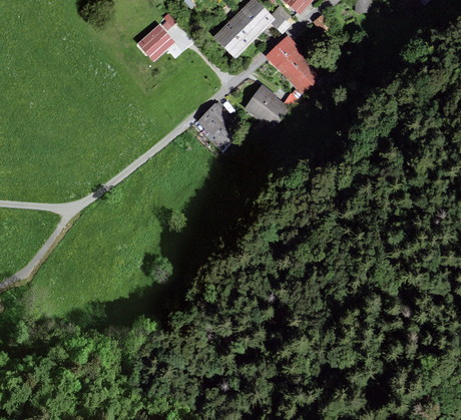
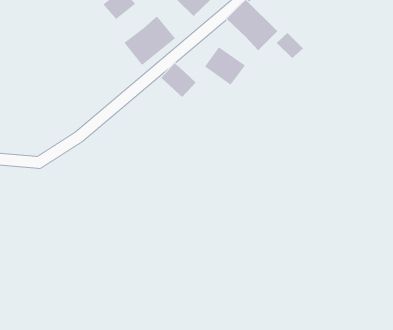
building: none -> [124,15,176,66]
building: none -> [276,32,304,59]

